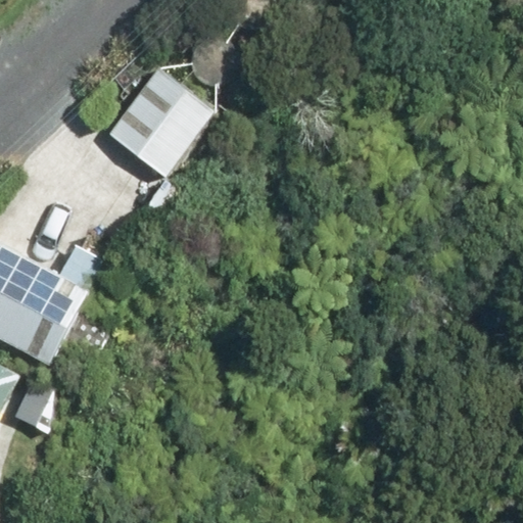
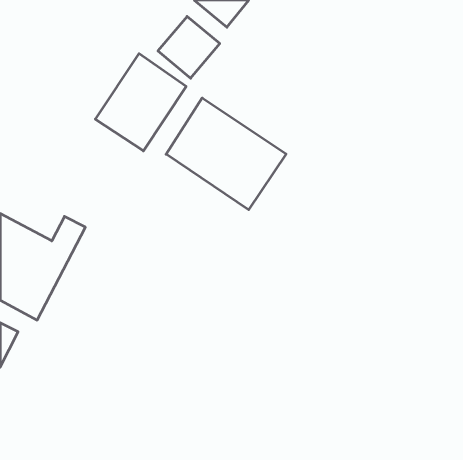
building: none -> [166,98,286,210]

